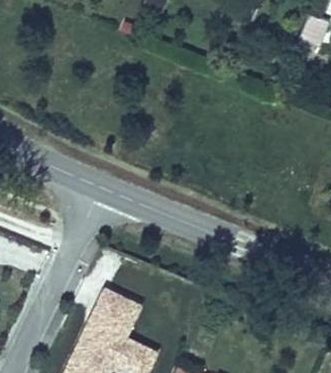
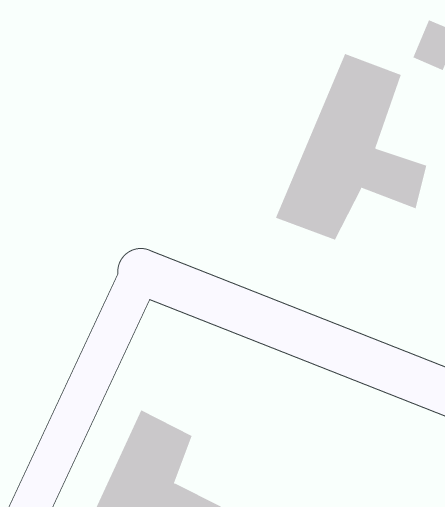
building: none -> [275,53,427,240]

